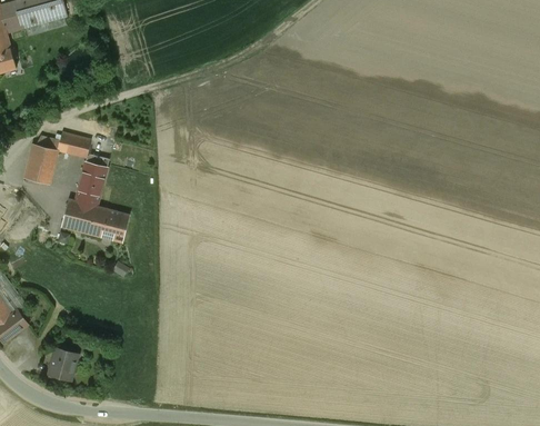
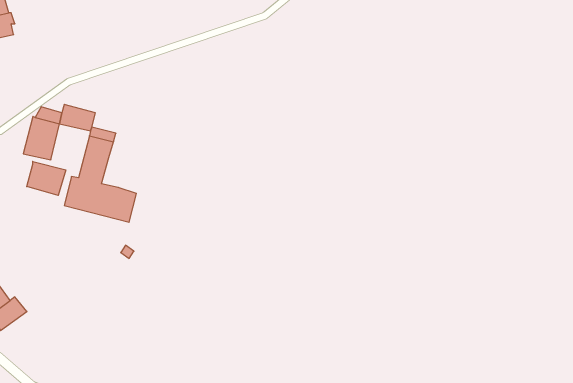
building: none -> [27,161,66,195]
building: [48,346,77,380] -> none

